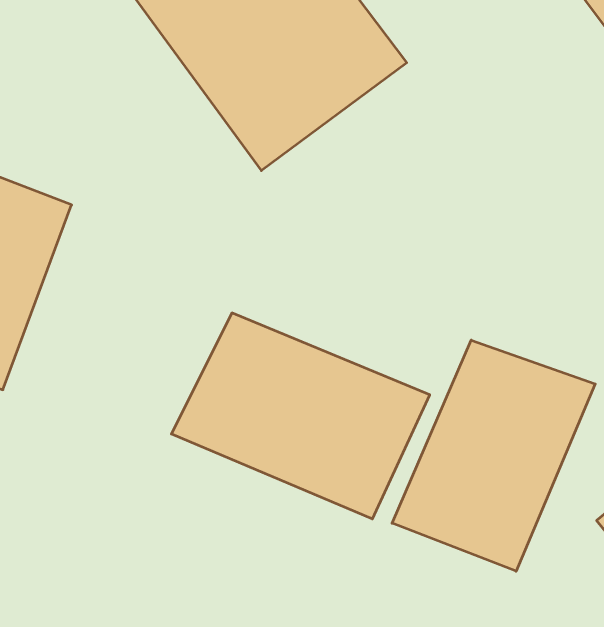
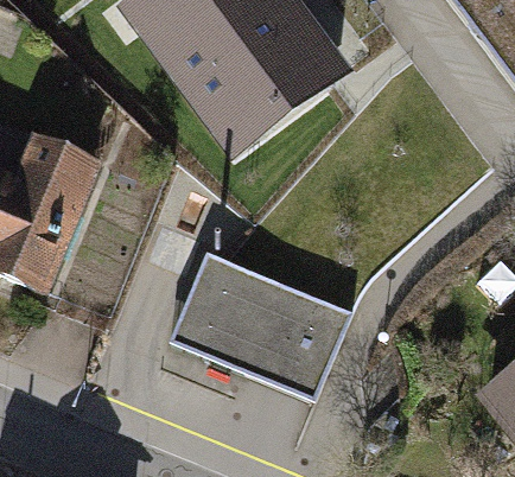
building: [392,340,595,571] -> none

